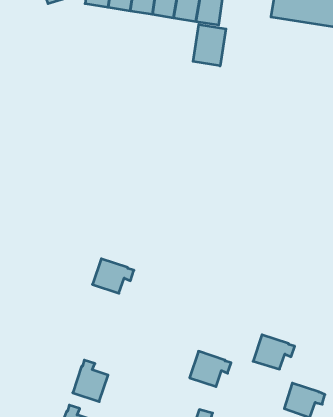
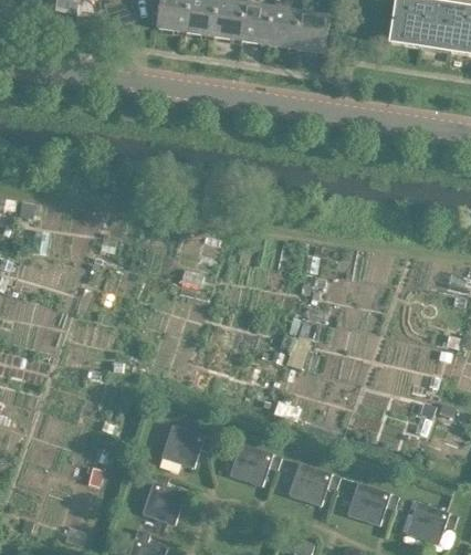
building: [193,24,226,66] -> none
building: [92,259,134,293] -> [159,422,211,465]
building: [253,335,295,369] -> [345,480,397,523]
building: none -> [228,440,280,484]

